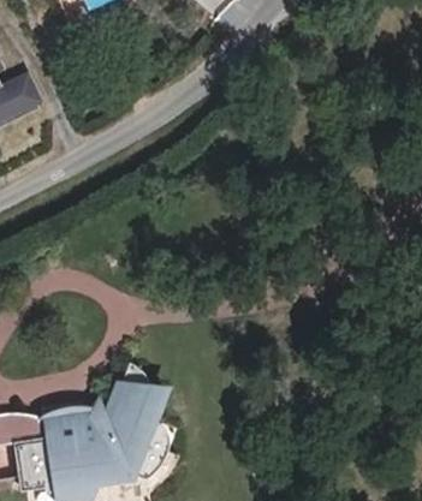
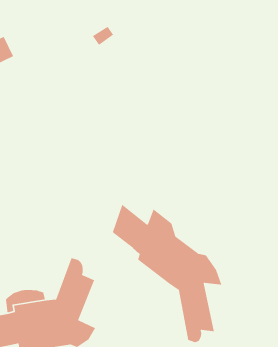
building: none -> [112,204,223,343]

